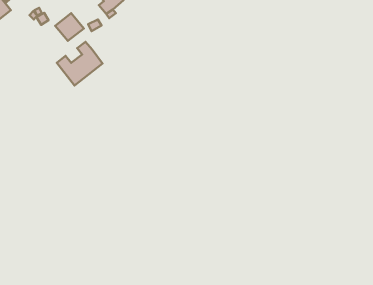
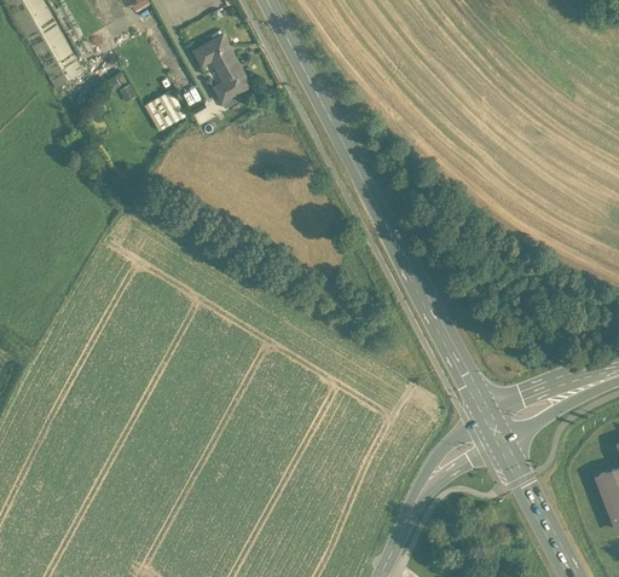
building: [57,42,102,85] -> none

